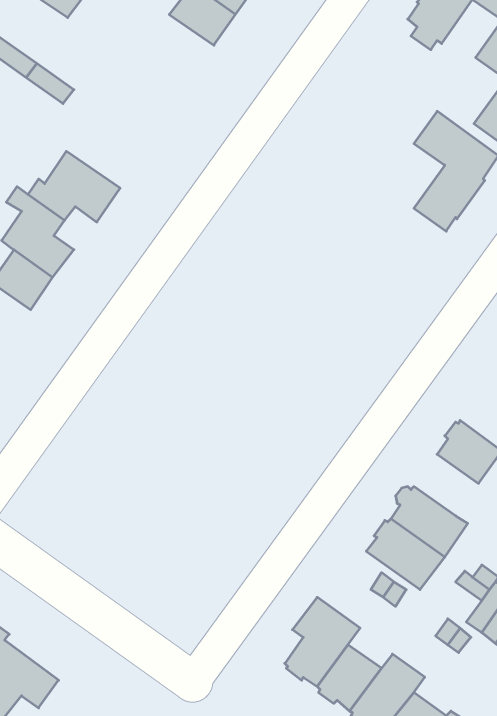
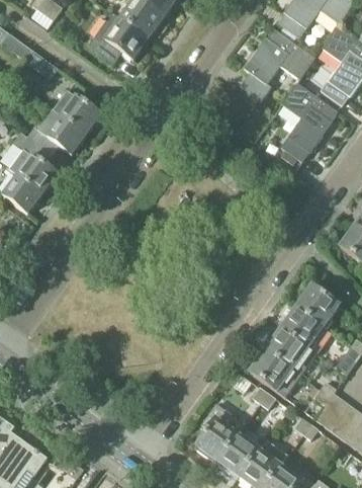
building: none -> [88,14,149,64]
building: none -> [240,28,313,100]
building: none -> [52,90,100,134]
building: none -> [280,309,323,349]

